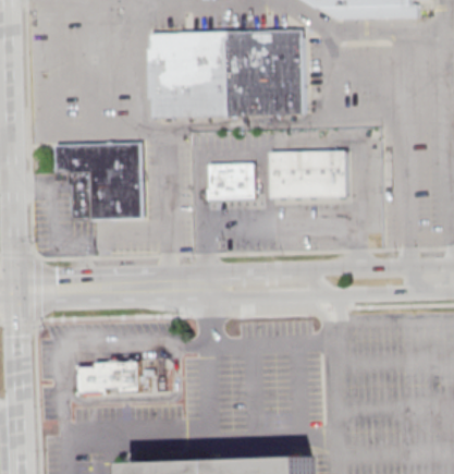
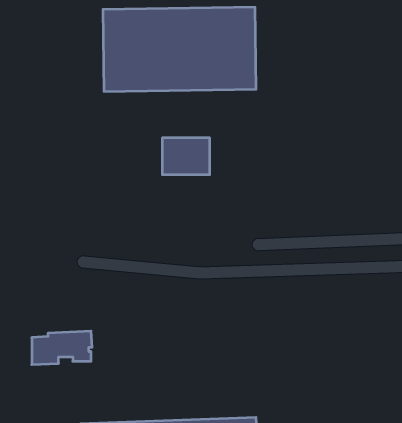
building: [56,143,143,222] -> none
building: [271,151,347,198] -> none

